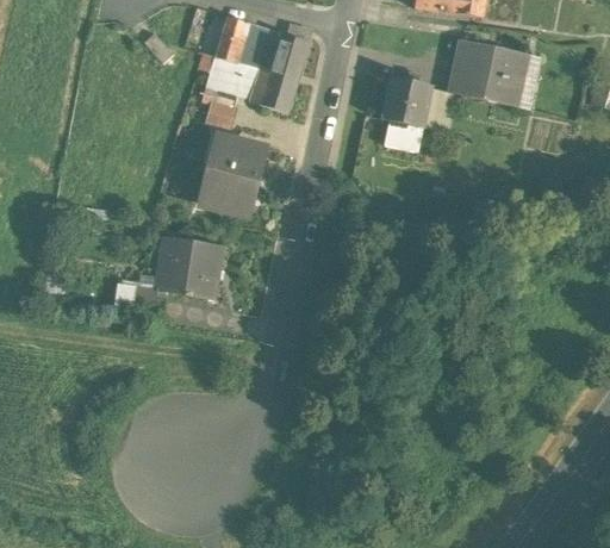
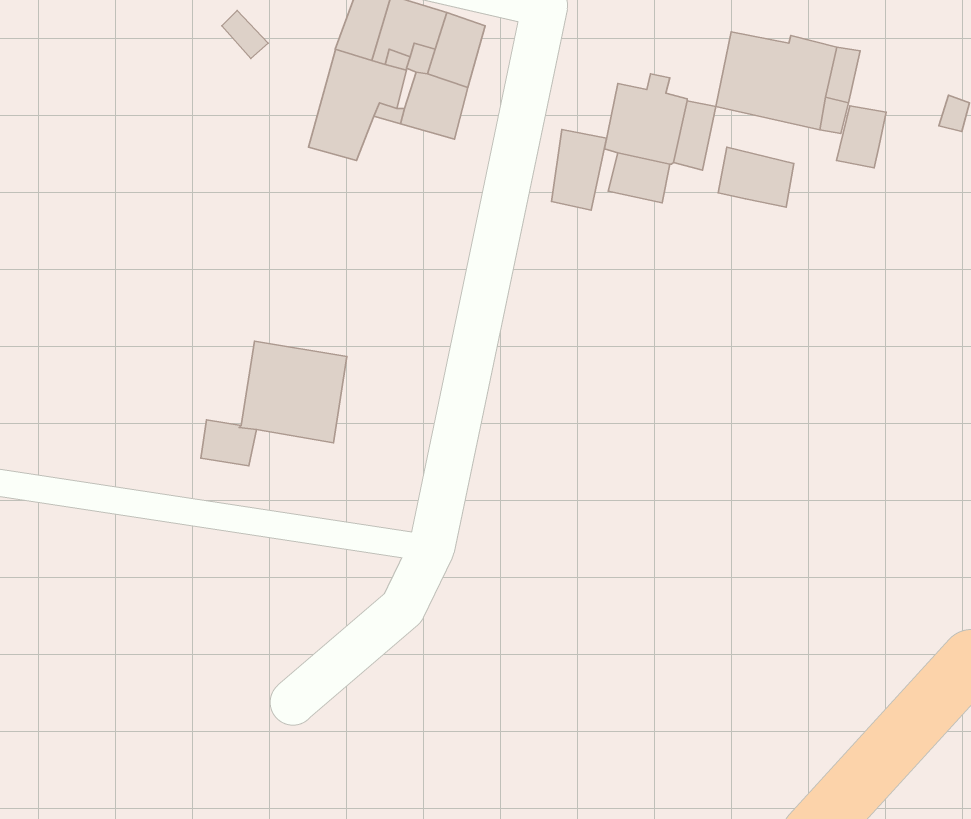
building: none -> [836,106,886,168]
building: none -> [552,129,607,210]
building: none -> [718,147,794,207]
building: [210,136,263,212] -> none

